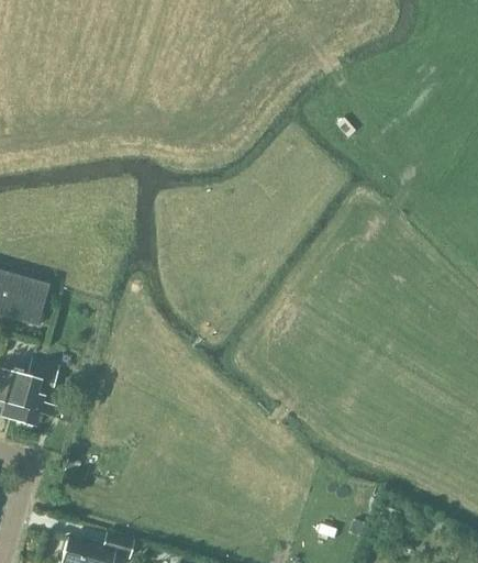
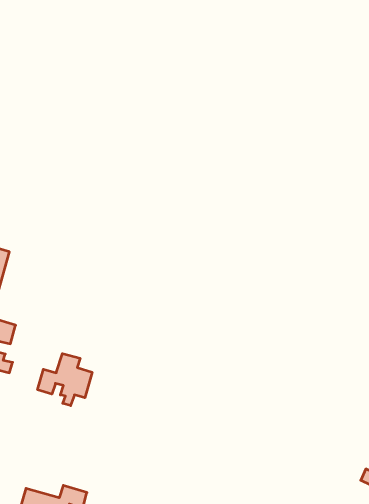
building: none -> [38,354,92,406]

